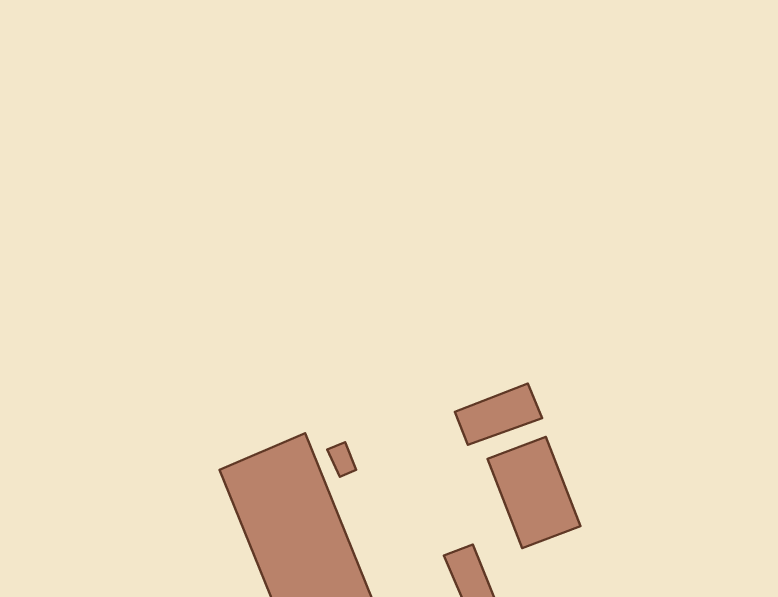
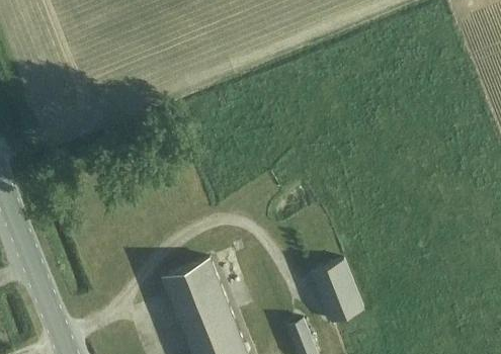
building: [455,384,542,445] -> none

